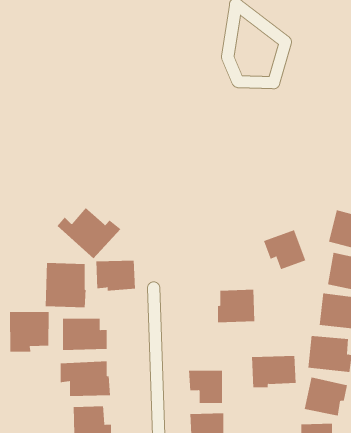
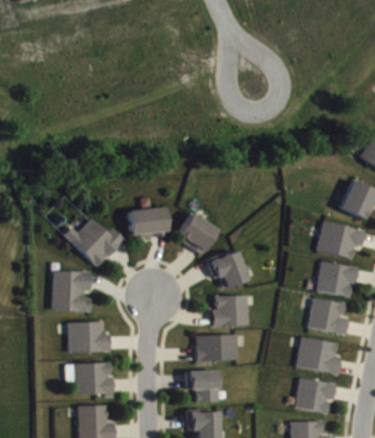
building: none -> [177,212,218,254]
building: [263,229,306,270] -> [208,250,248,288]
building: [95,260,136,291] -> [129,208,167,237]
building: [10,311,49,353] -> none
building: [251,356,296,388] -> [196,334,238,364]

